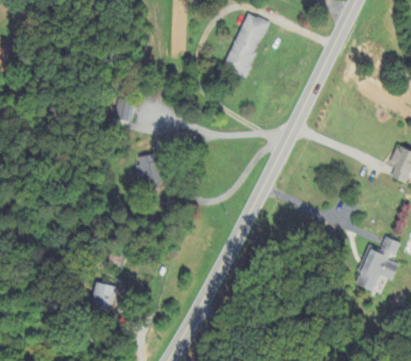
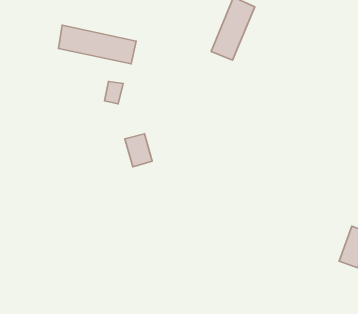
building: none -> [58,25,136,64]
building: [91,282,115,306] -> none

